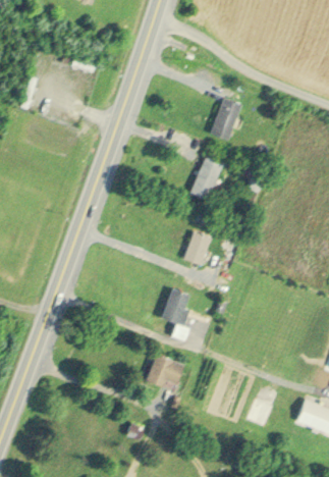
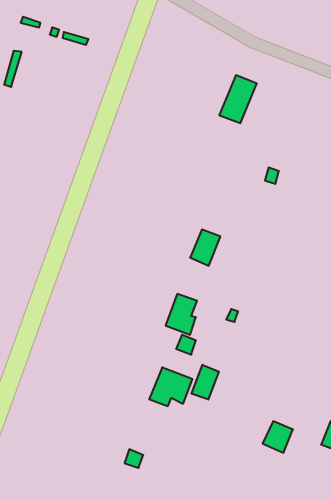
building: [190,158,222,199] -> none
building: none -> [191,365,219,400]

